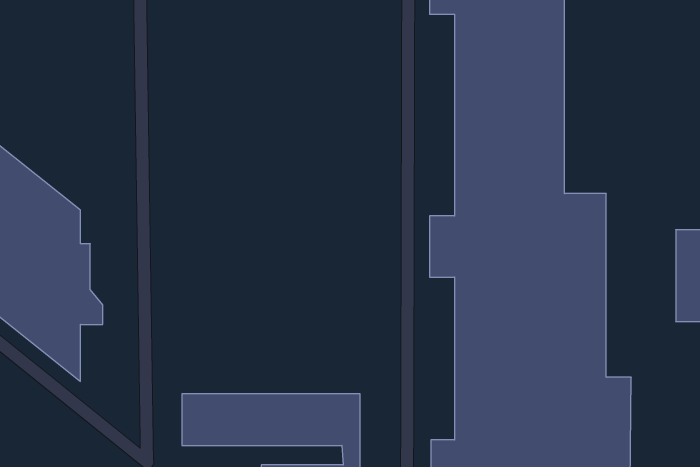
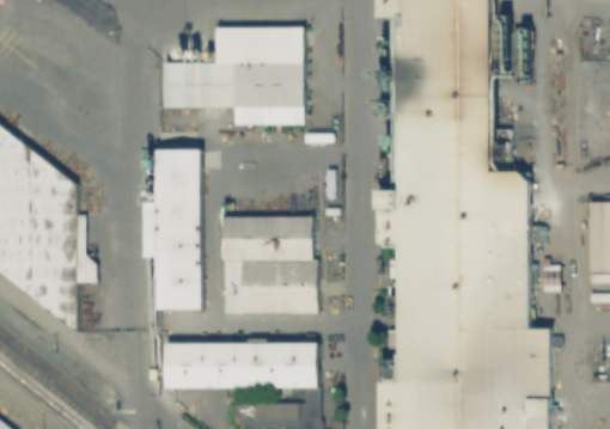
building: none -> [161,26,303,123]
building: none -> [142,148,200,307]
building: none -> [221,214,315,312]

